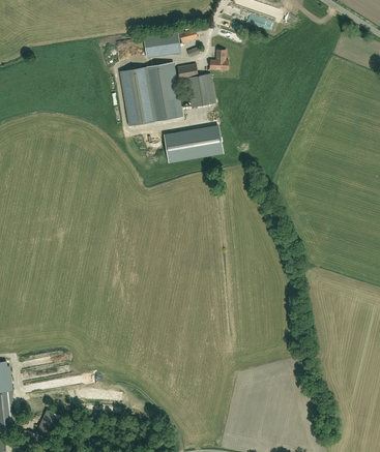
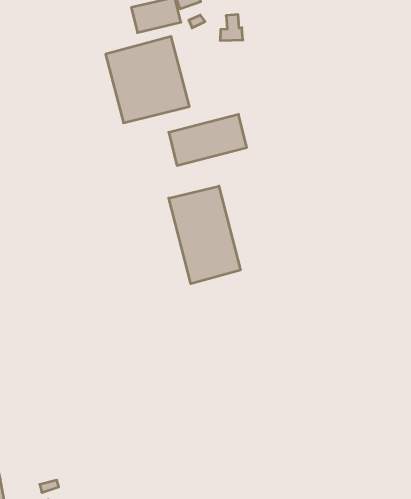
building: [177,64,214,107] -> none
building: none -> [169,186,240,284]

